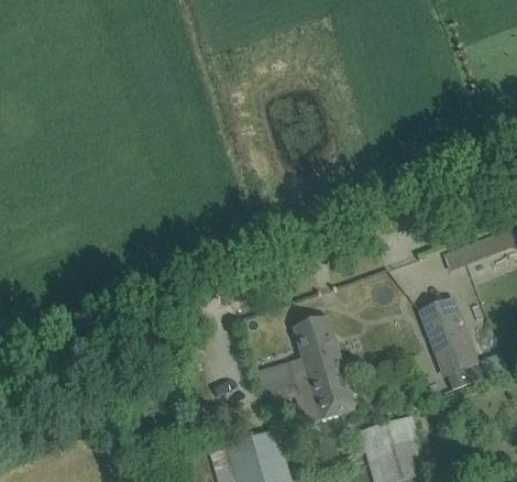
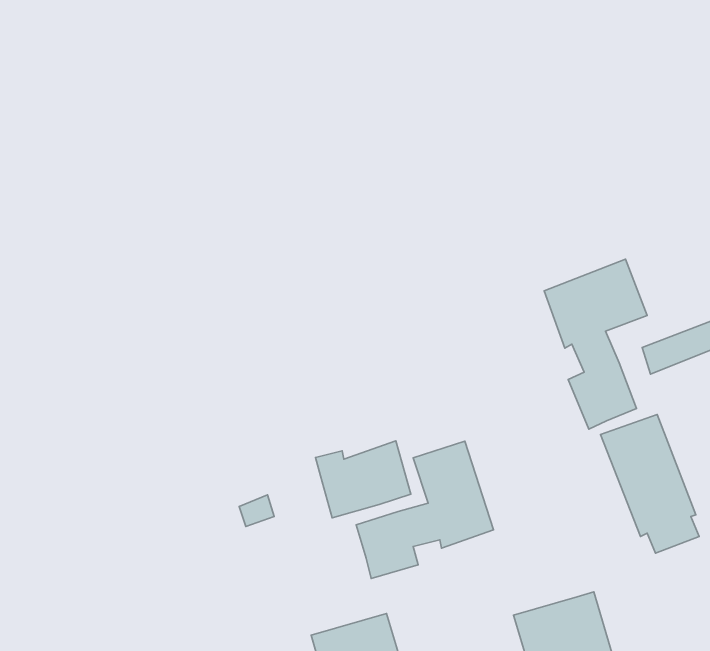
building: none -> [544,259,647,429]
building: [292,373,354,424] -> [316,441,411,518]

